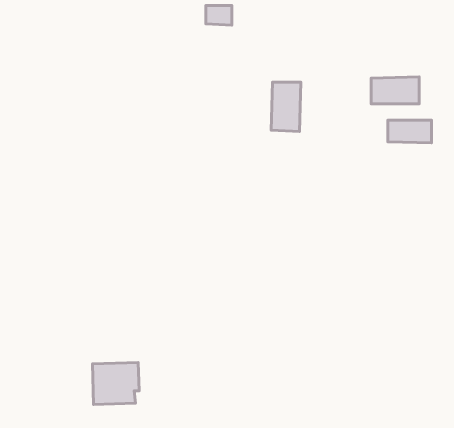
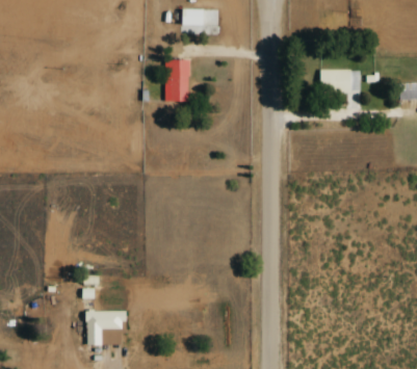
building: [271,82,301,131] -> [165,59,190,101]
building: [388,120,431,143] -> none

